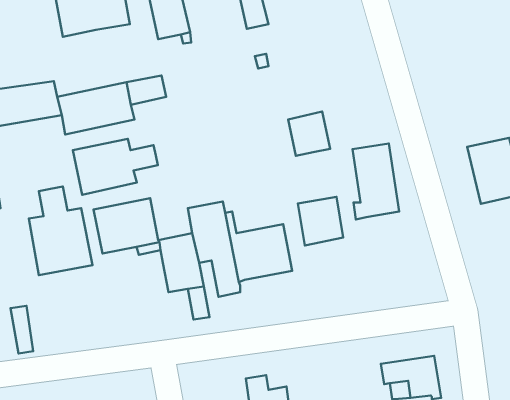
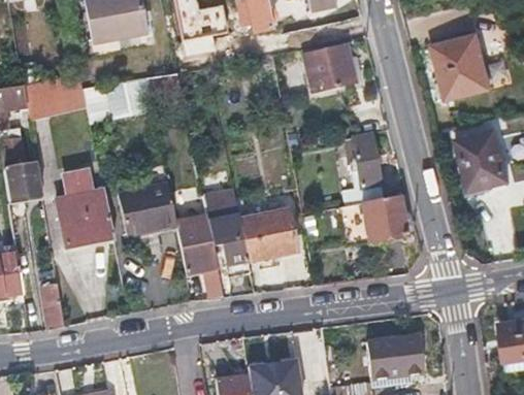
building: none -> [434,38,491,101]
building: [288,111,330,156] -> [316,48,354,89]
building: [73,139,158,195] -> none
building: [298,197,343,246] -> [365,196,406,240]

